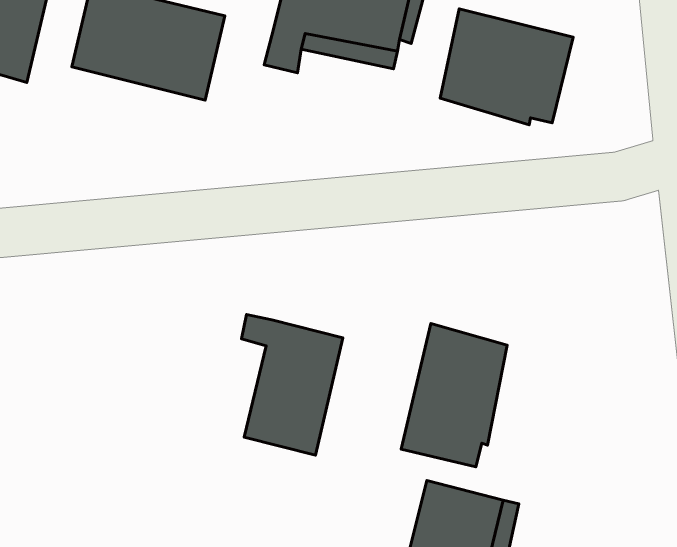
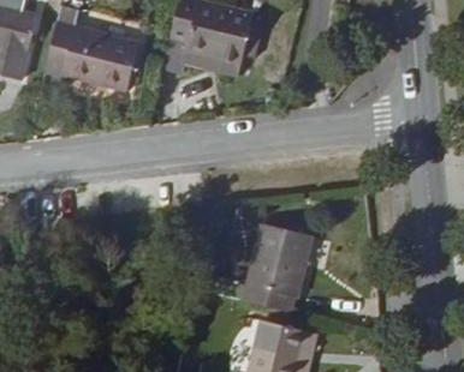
building: [440,9,573,125] -> none
building: [242,314,343,455] -> none

